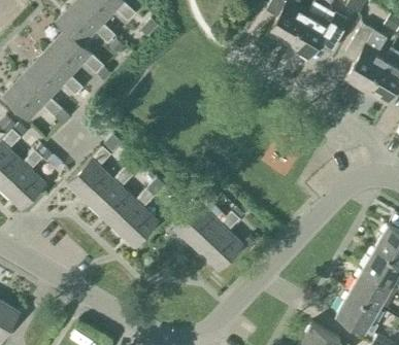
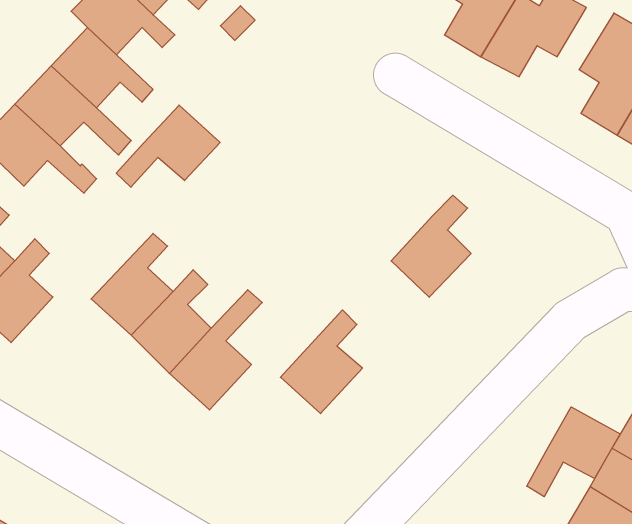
building: none -> [116,105,220,187]
building: [197,212,242,270] -> [391,195,471,297]
building: none -> [527,407,620,497]

